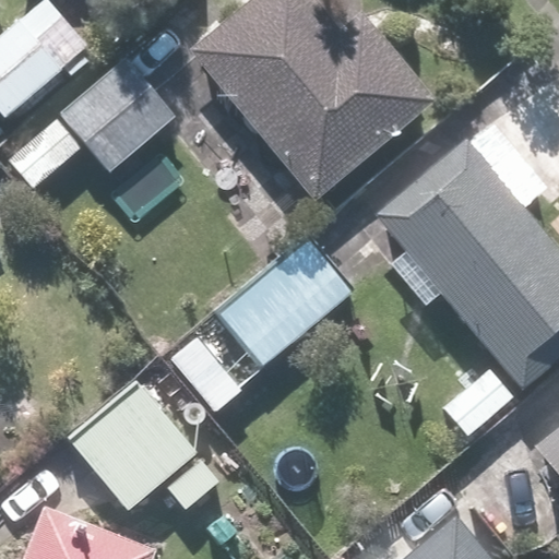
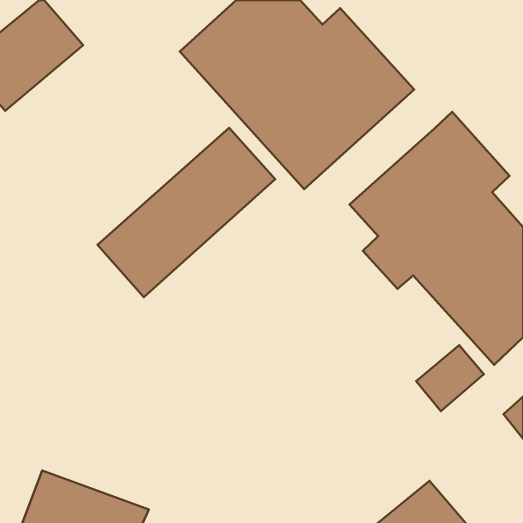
building: [5,57,178,191] -> none
building: [164,235,353,415] -> [97,128,275,297]
building: [66,380,200,514] -> none

